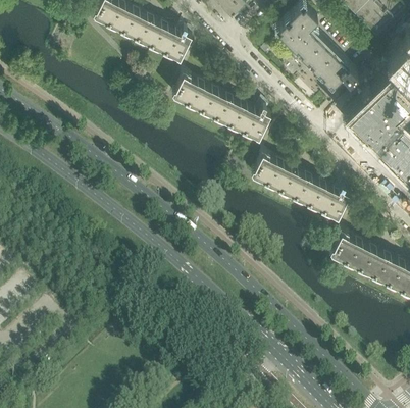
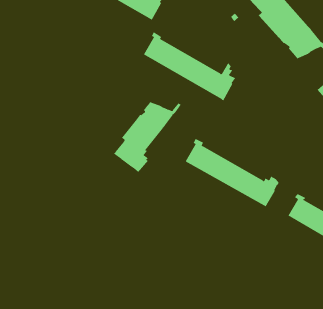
building: none -> [113,101,181,173]
building: [249,151,348,218] -> [185,138,279,207]

